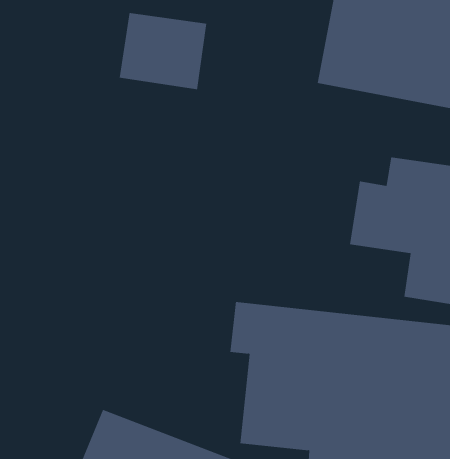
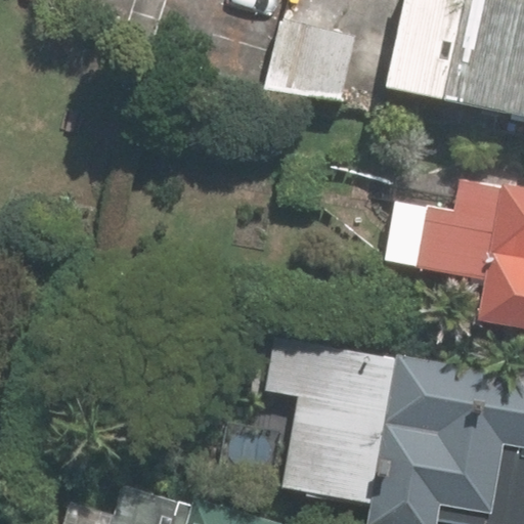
building: [119,12,207,90] -> [267,16,365,102]

